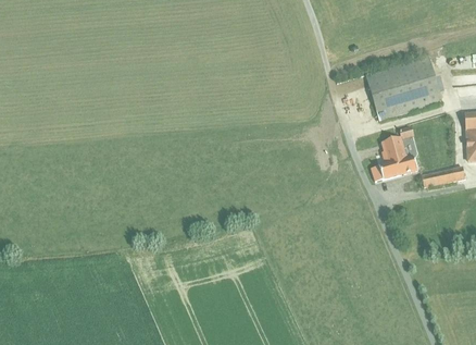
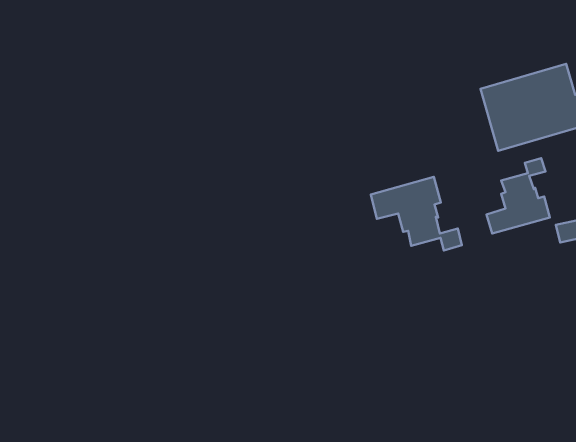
building: none -> [371,177,462,251]

